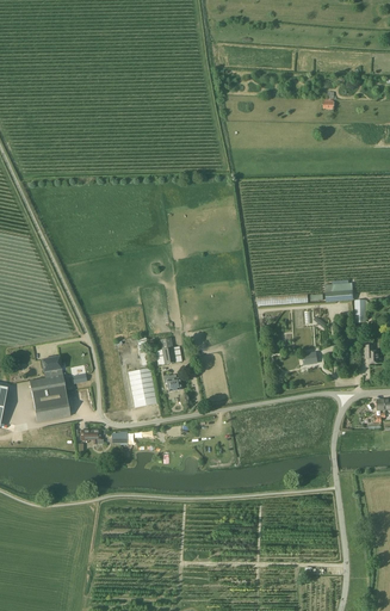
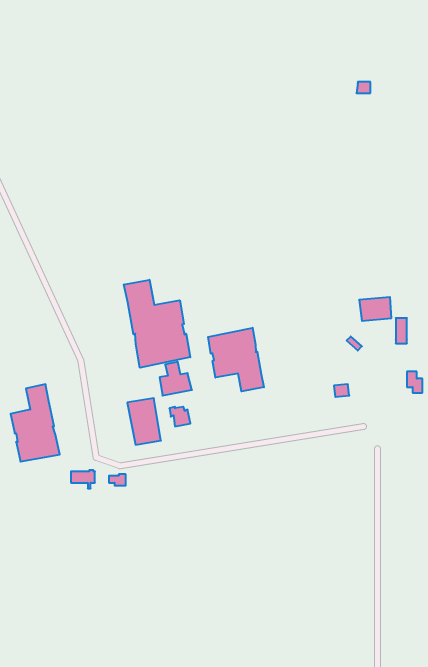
building: none -> [124,280,190,368]
building: none -> [208,328,264,391]

